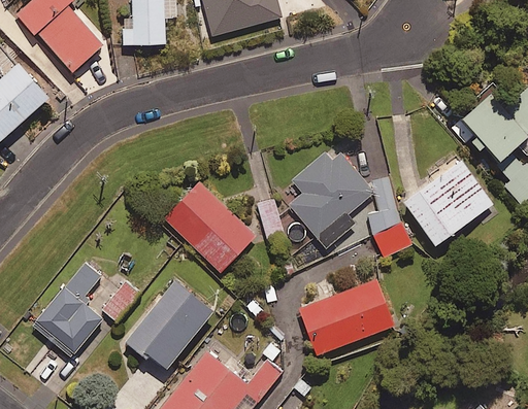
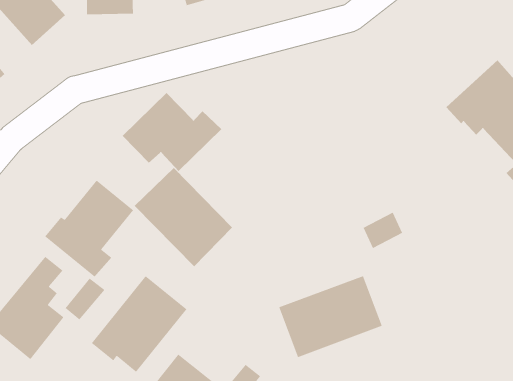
building: none -> [122,92,222,172]
building: [289,156,370,248] -> none
building: [401,162,490,247] -> none
building: none -> [44,179,134,278]

